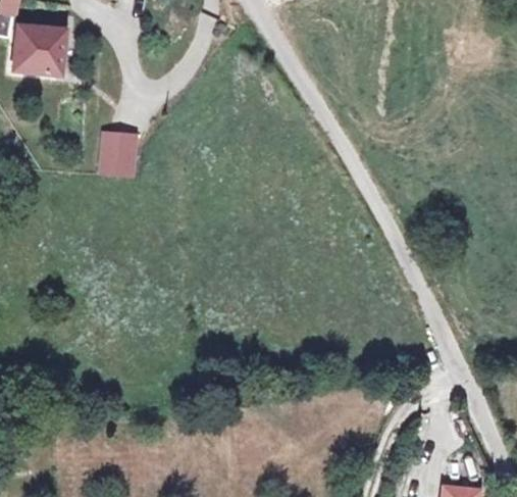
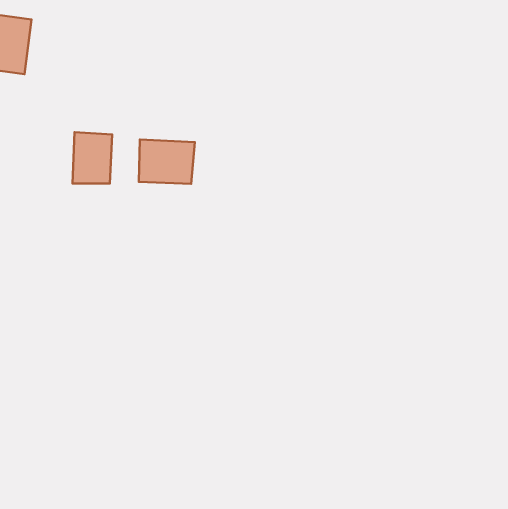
building: none -> [139,140,195,184]

